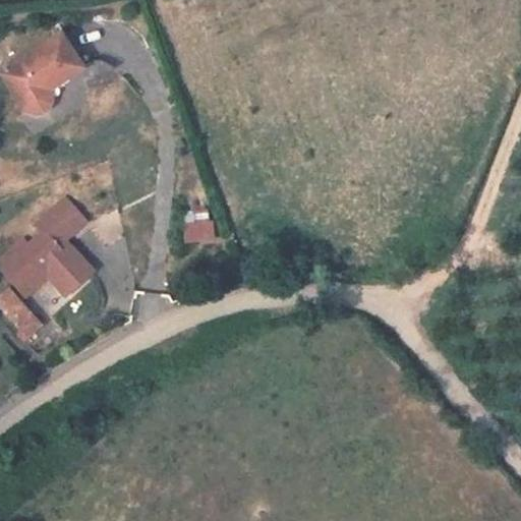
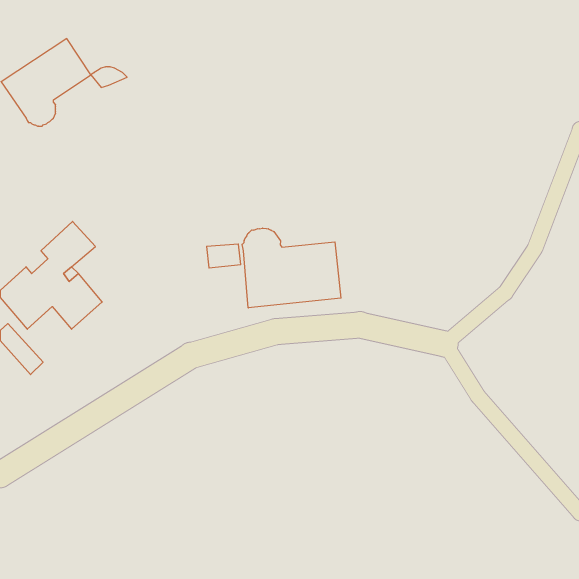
building: none -> [242,228,341,308]

